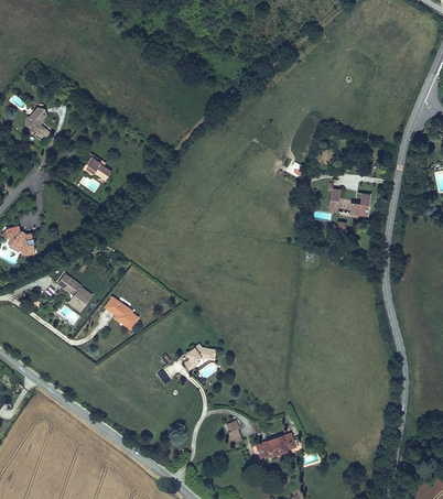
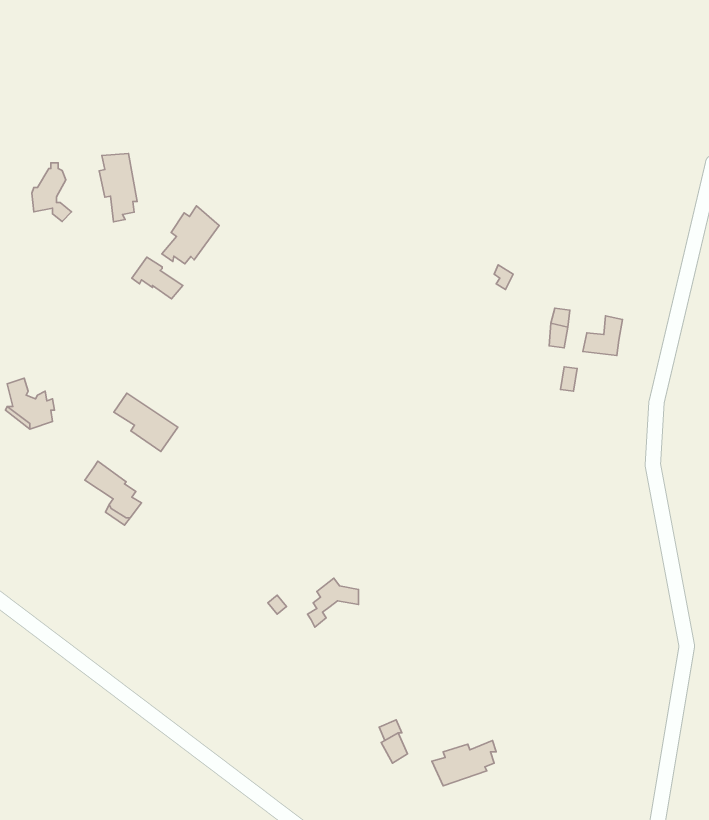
building: none -> [99,154,137,222]
building: none -> [162,206,219,264]
building: [105,295,142,329] -> [114,393,178,452]

